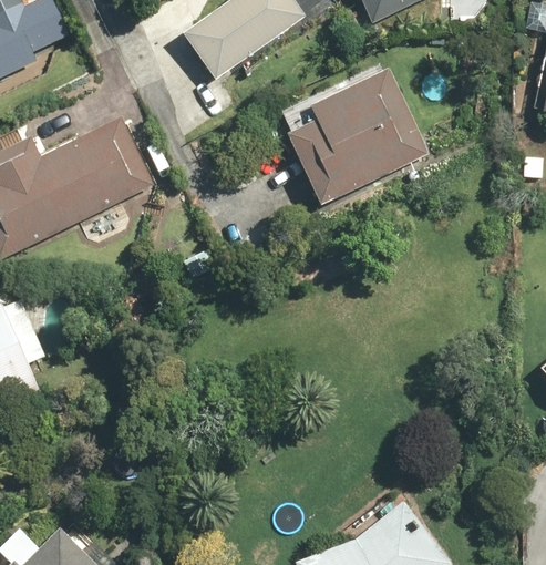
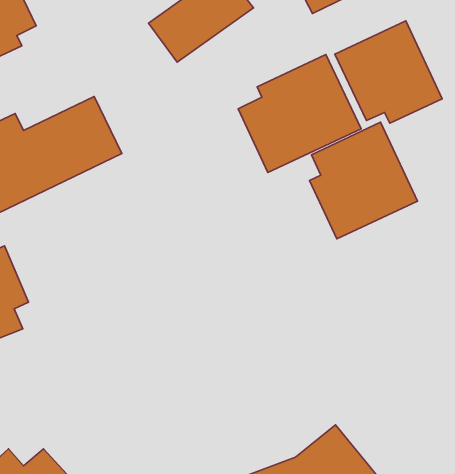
building: none -> [335,21,442,123]
building: none -> [310,122,418,239]

